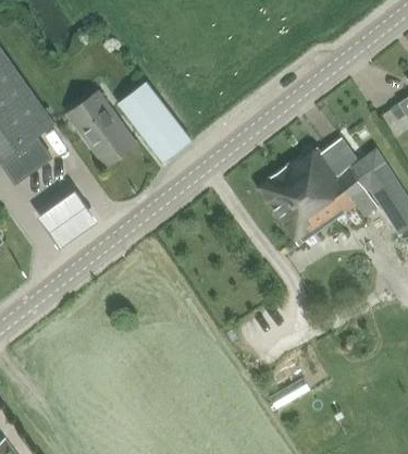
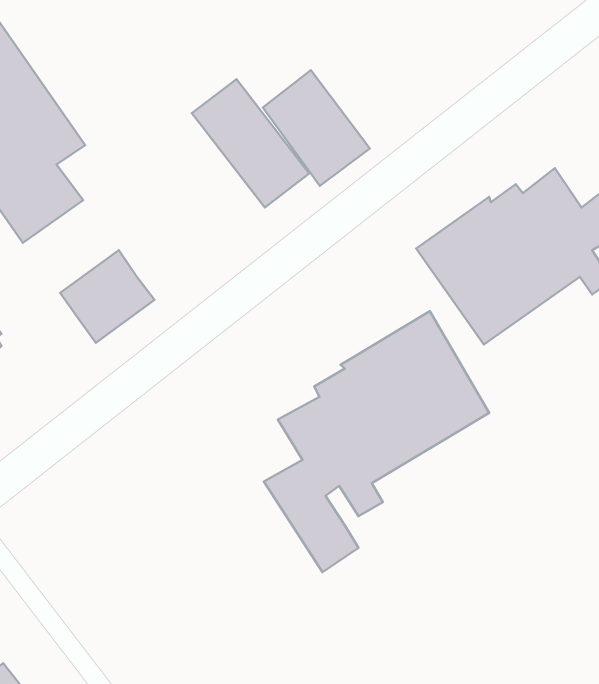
building: [70,94,135,164] -> [263,70,370,186]
building: none -> [264,311,489,572]

